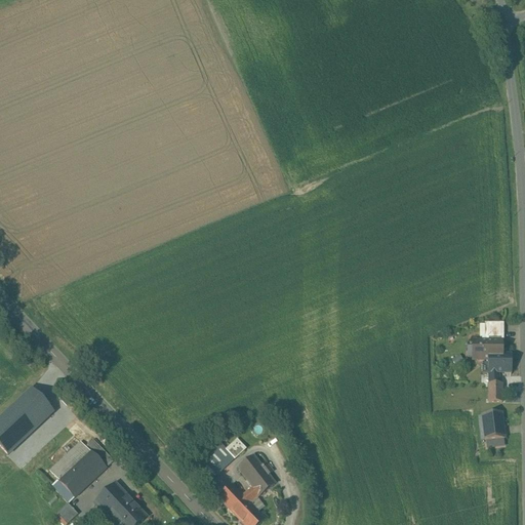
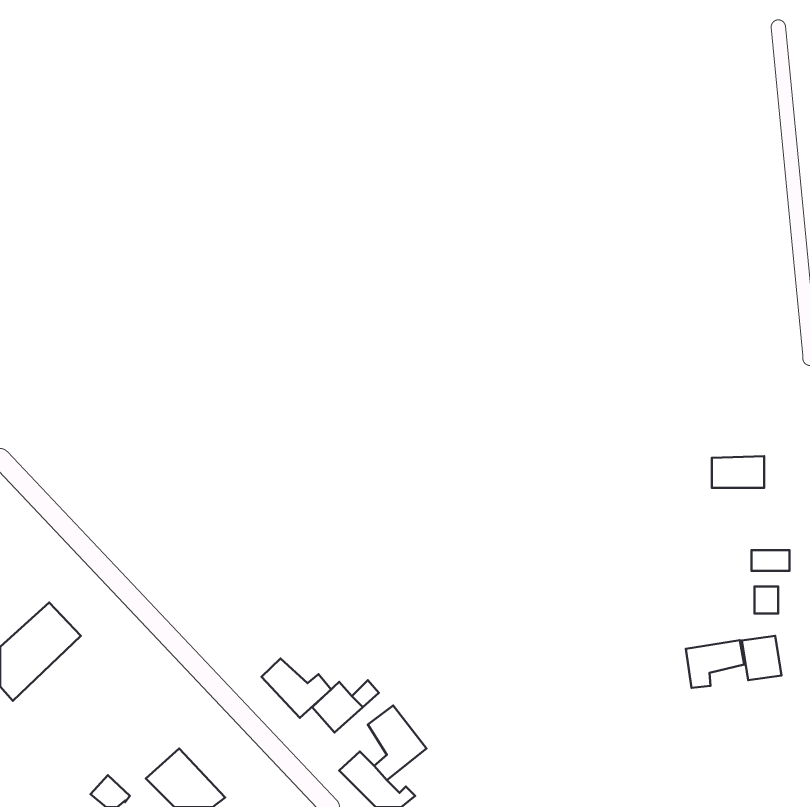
building: [468,335,501,356] -> [712,456,764,488]
building: none -> [686,640,744,688]
building: none -> [262,658,331,718]
building: [45,435,108,496] -> none

